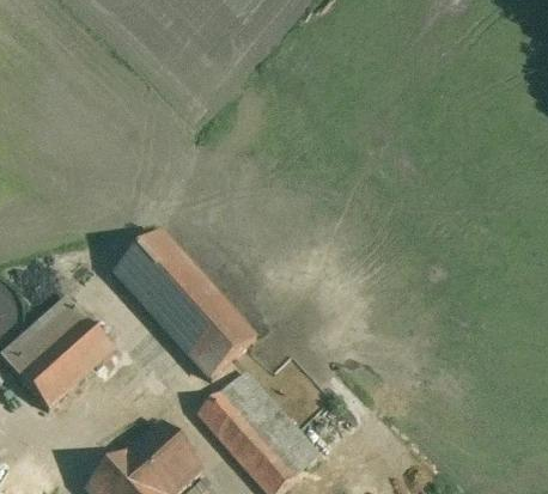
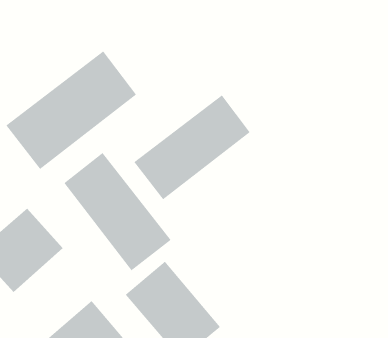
building: none -> [6,50,137,170]
building: none -> [133,94,250,200]

